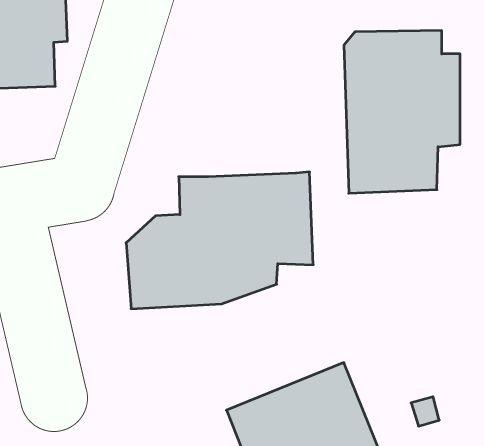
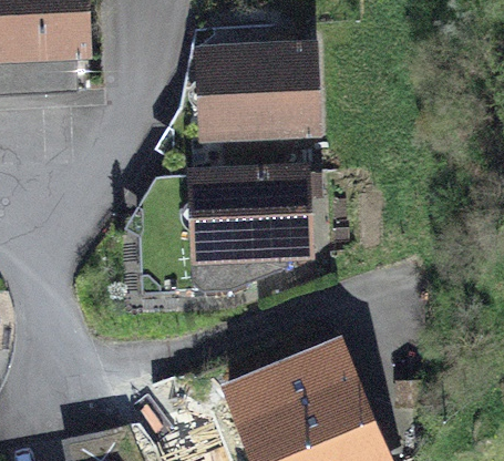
building: [344,31,460,193] -> [208,28,313,175]

